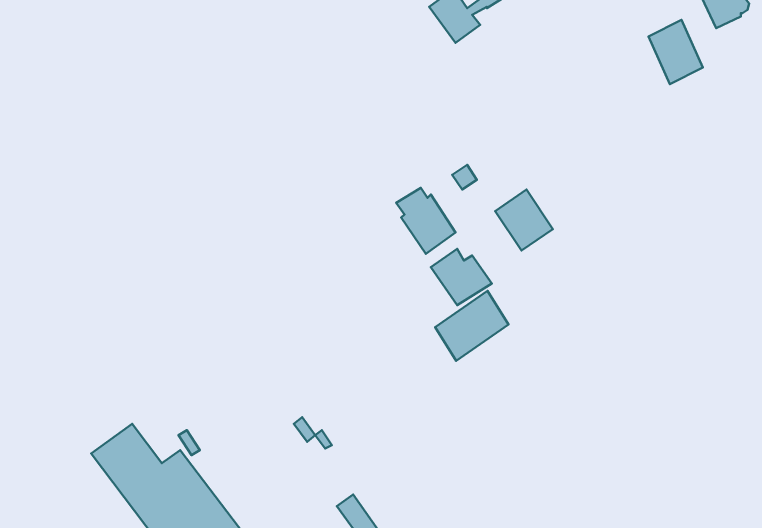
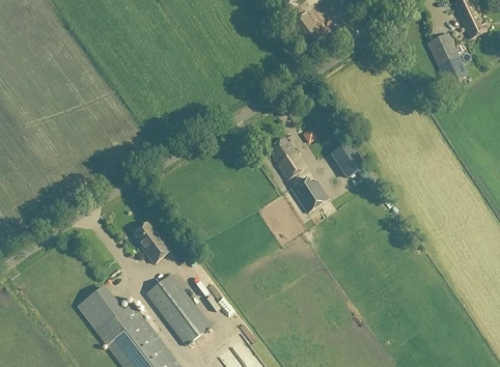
building: [435,291,508,361] -> none
building: none -> [133,222,170,262]
building: none -> [146,274,210,344]

